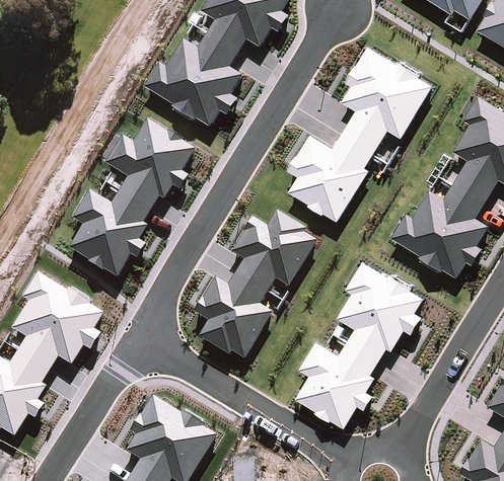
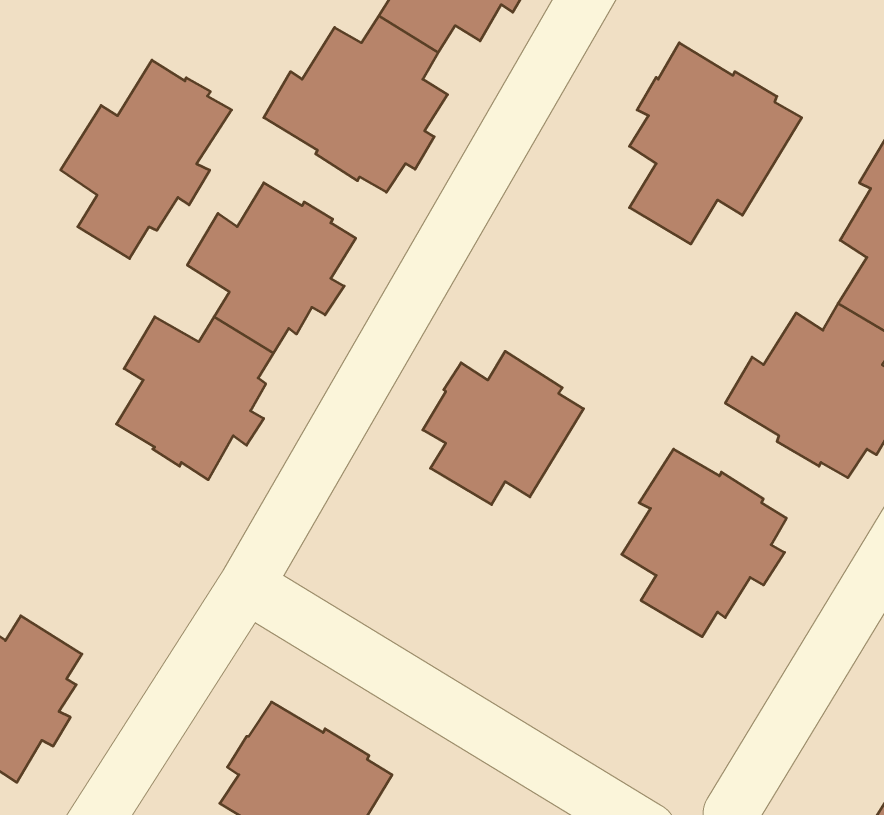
building: none -> [61,60,232,259]
building: [287,135,372,221] -> none
building: [192,272,271,359] -> none
building: [11,273,102,371] -> none
building: [294,341,378,429] -> none

